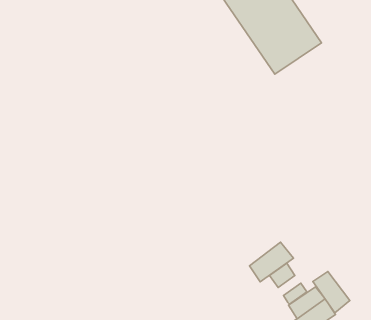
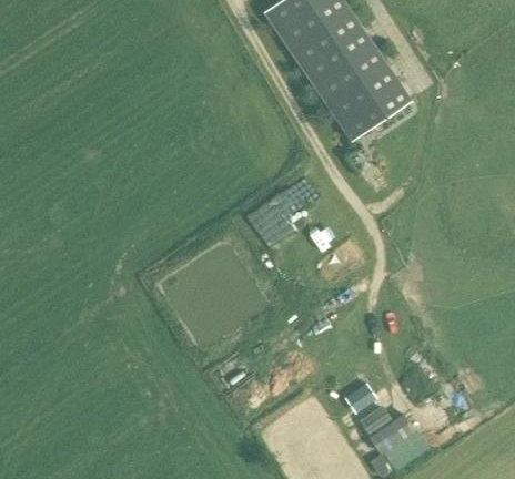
building: [250,242,294,282] -> none
building: [313,272,350,313] -> none

